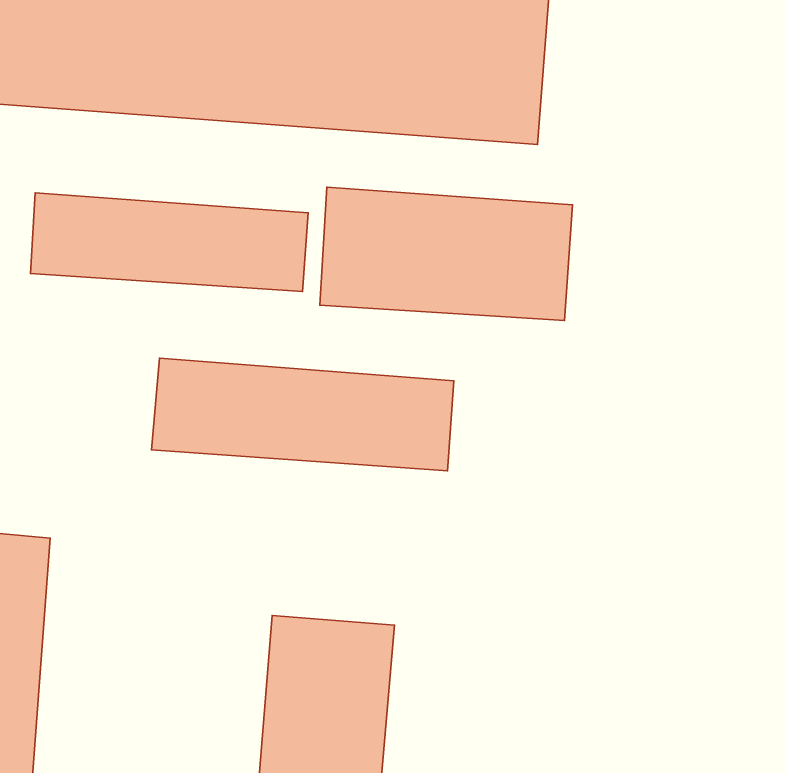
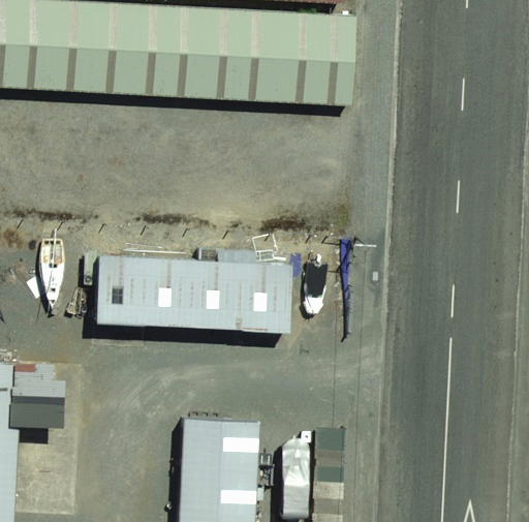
building: [320,187,573,321] -> none
building: [31,193,308,292] -> none

